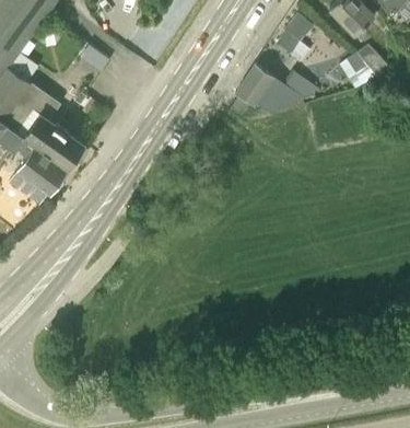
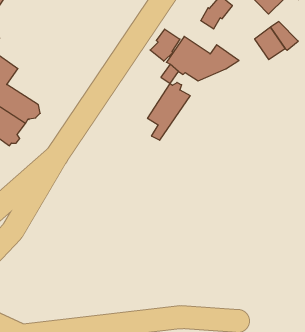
building: none -> [150,29,180,61]
building: none -> [148,82,190,140]

